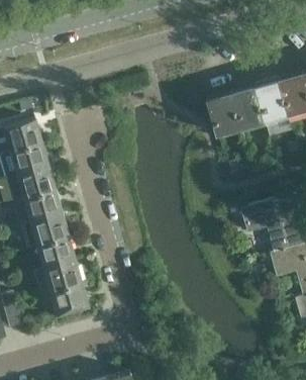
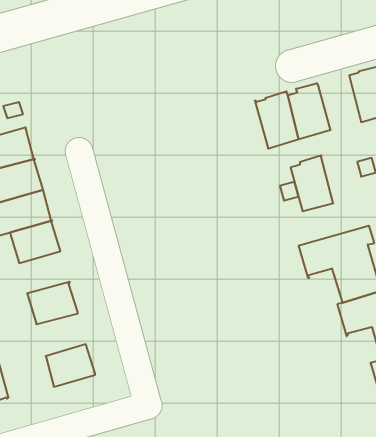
building: [258,79,290,121] -> [291,155,333,211]
building: [21,213,69,249] -> none
building: [43,261,82,293] -> none

